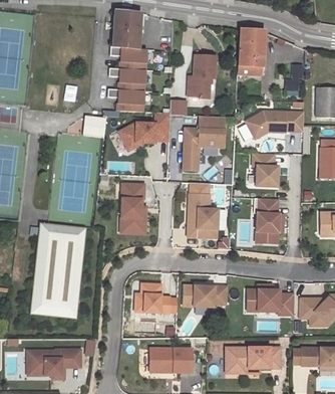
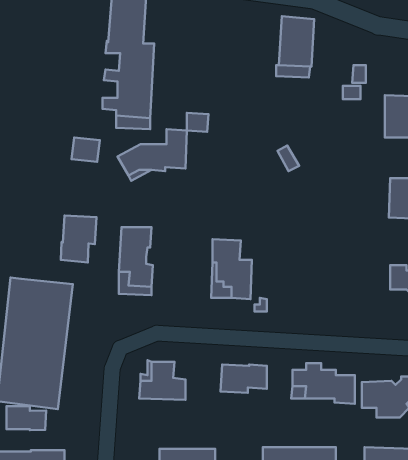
building: [192,52,217,93] -> none
building: [246,111,304,139] -> none
building: [184,114,225,169] -> none
building: [253,153,278,186] -> none
building: none -> [61,215,96,263]
building: [258,198,285,242] -> none
building: none -> [6,406,46,430]

